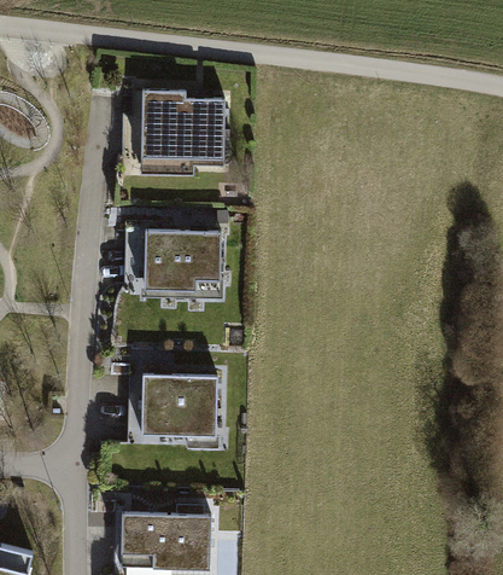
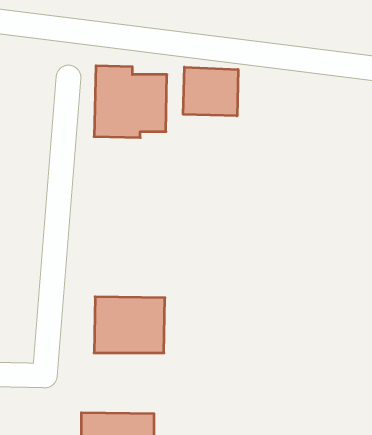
building: none -> [183,67,238,116]
building: [136,230,220,301] -> none

